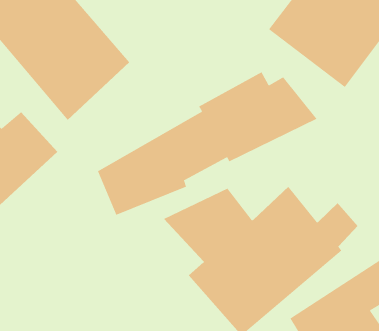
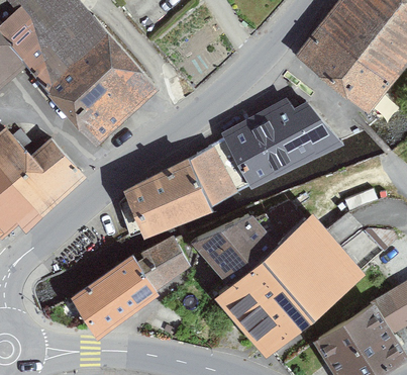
building: none -> [70,236,190,340]

